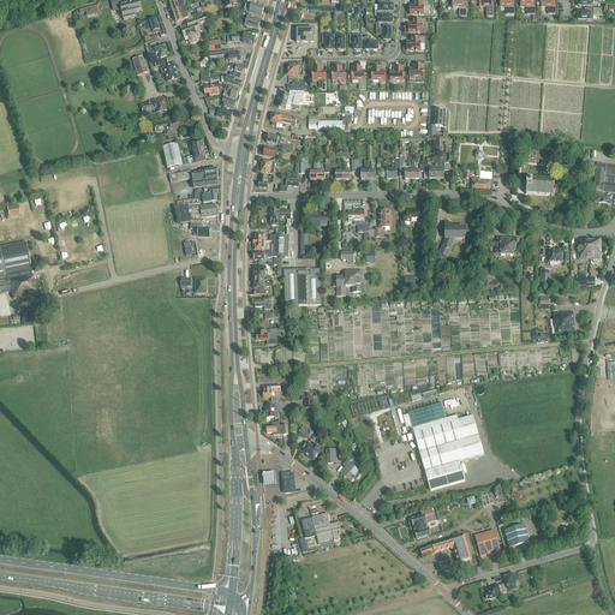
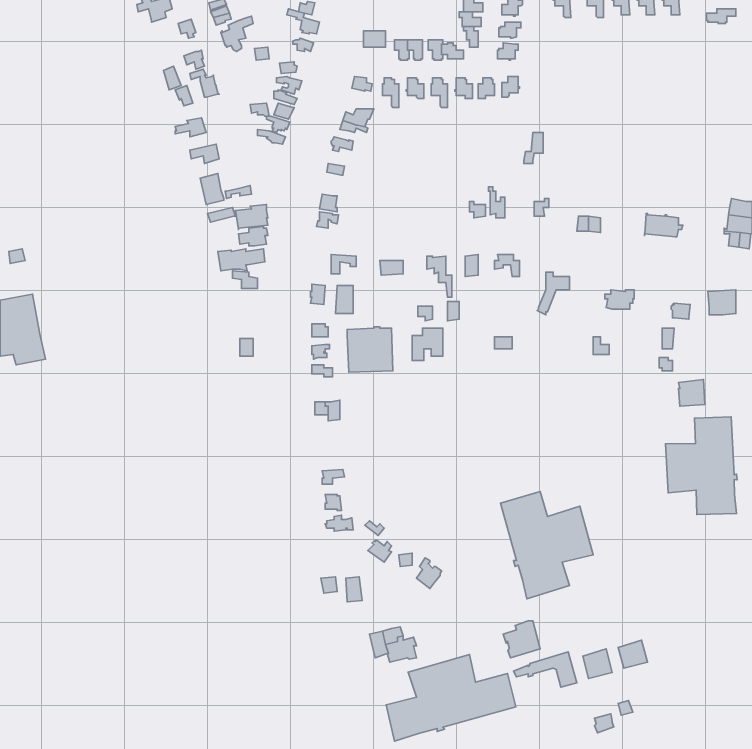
building: none -> [665,417,737,514]
building: none -> [386,654,516,741]

